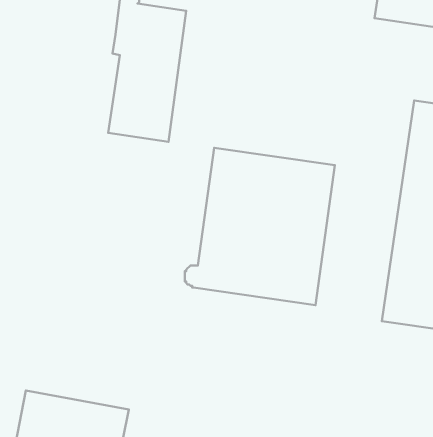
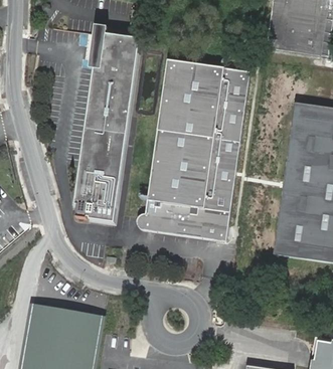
building: none -> [157,61,249,147]
building: none -> [73,125,126,223]

